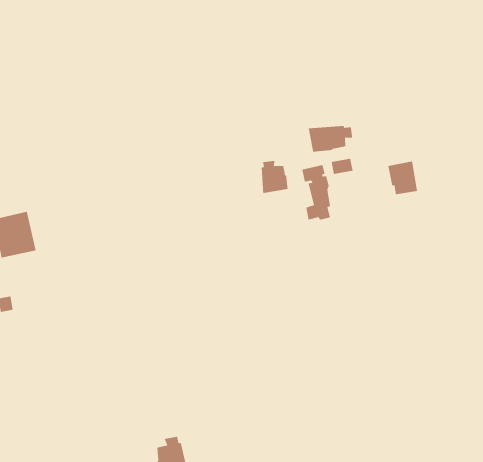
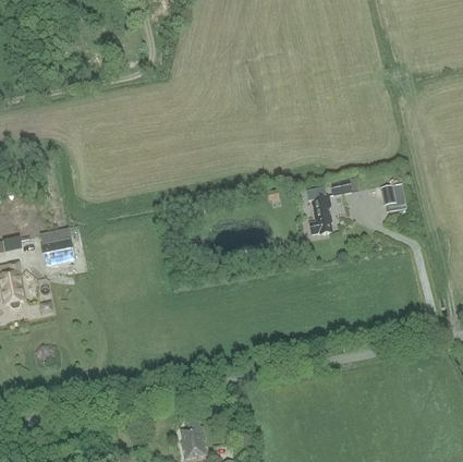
building: [308,125,353,152] -> none
building: [261,160,288,194] -> none

